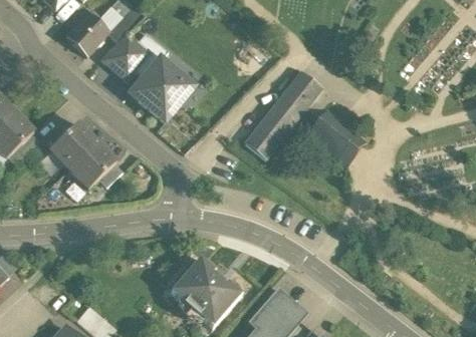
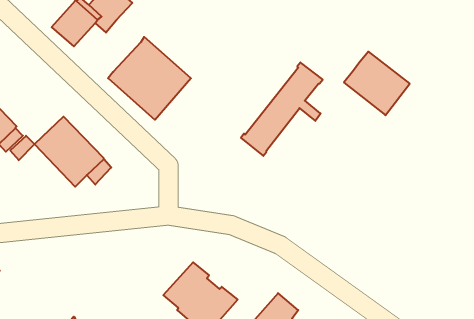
building: [101,31,150,80] -> none
building: [305,108,368,168] -> [344,52,410,115]

